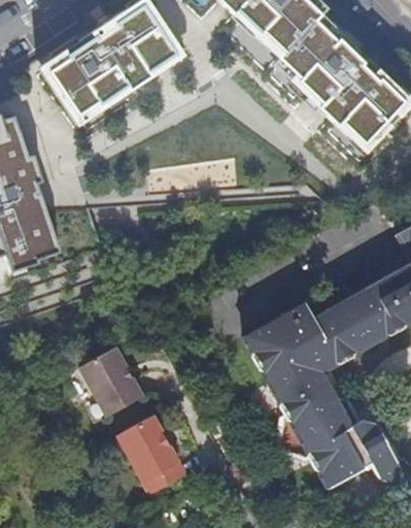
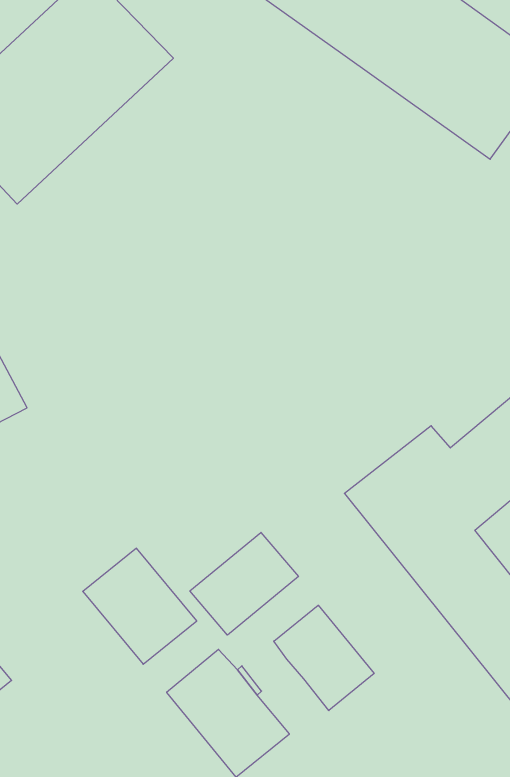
building: none -> [190,532,298,635]
building: none -> [274,605,374,711]

